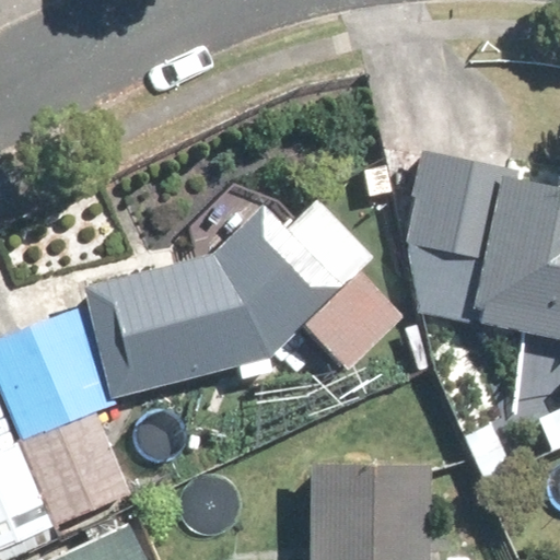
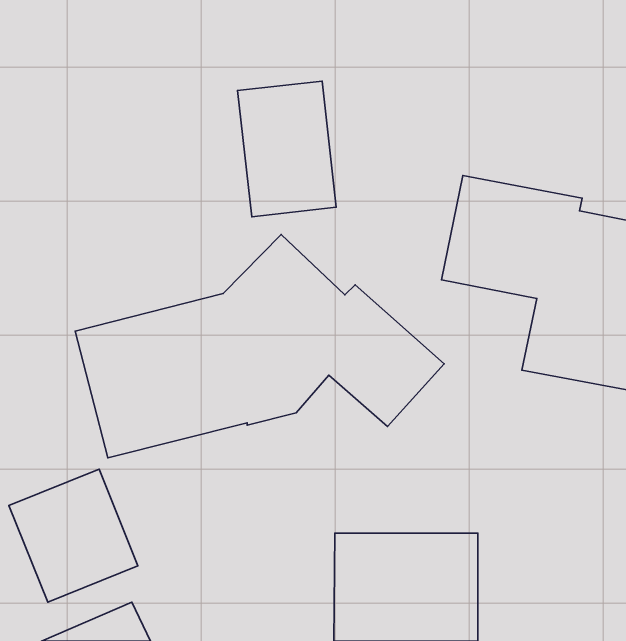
building: none -> [238,81,336,217]

